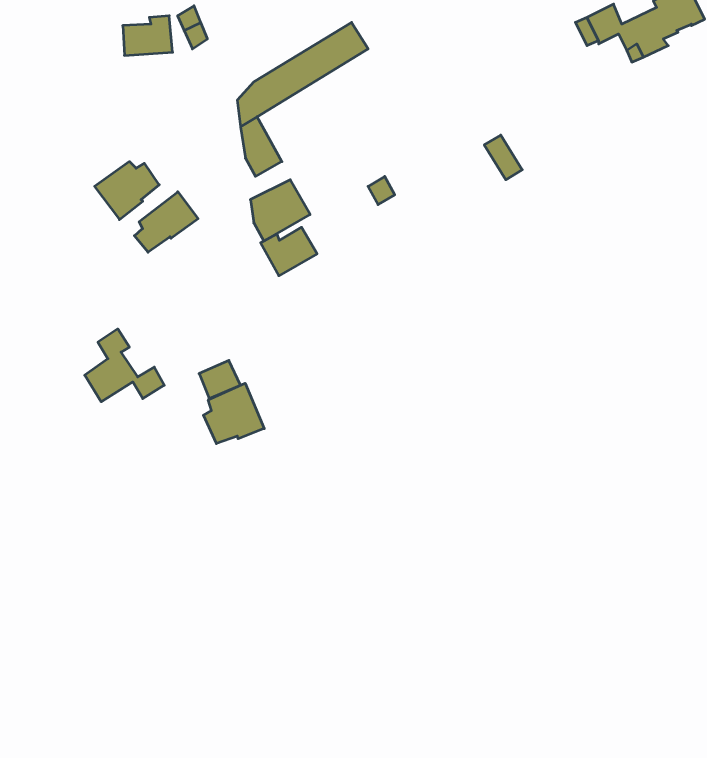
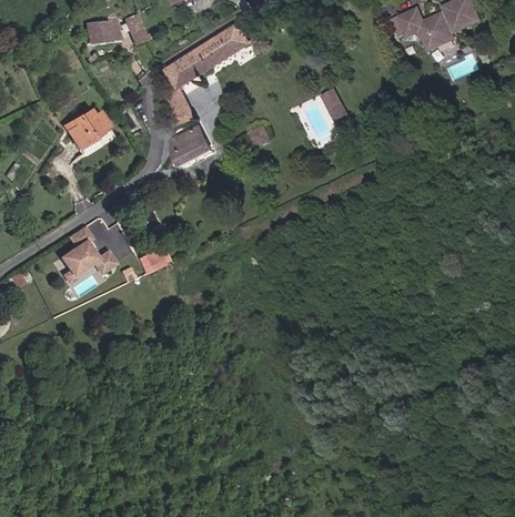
building: [134,192,198,252] -> none
building: [261,227,317,276] -> none
building: [203,383,264,444] -> none

